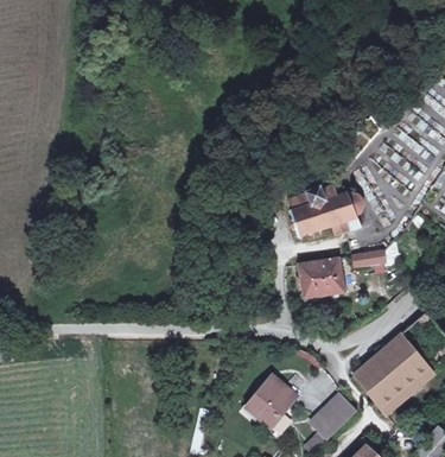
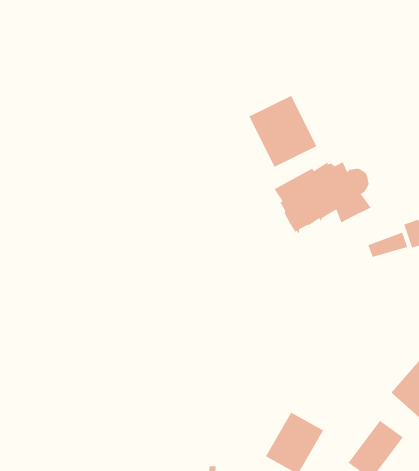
building: none -> [248,95,317,168]
building: [298,258,344,298] -> none

